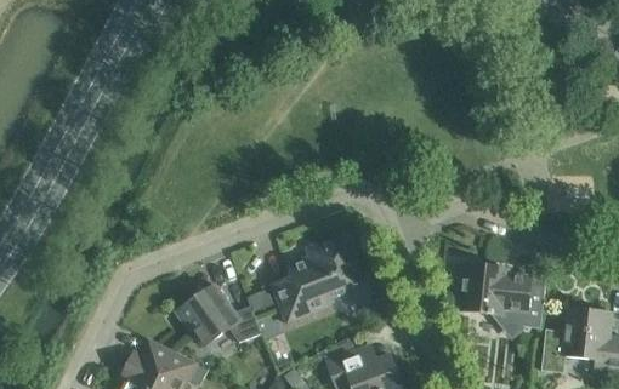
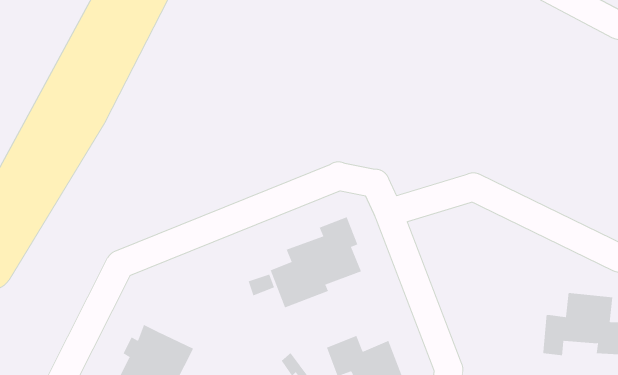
building: [461,262,545,332] -> none
building: [175,284,261,345] -> none

